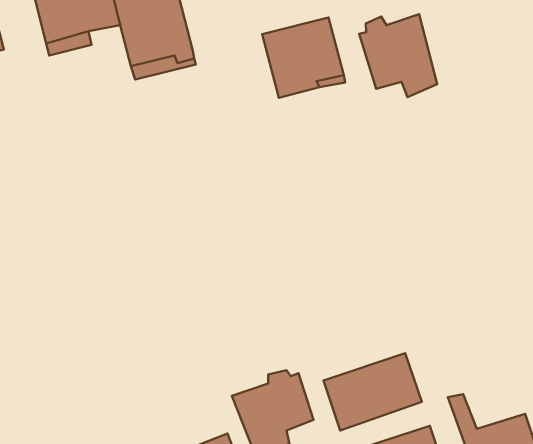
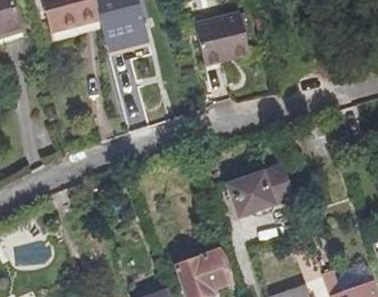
building: [359,14,437,97] -> none
building: [323,353,422,430] -> [227,161,292,212]

